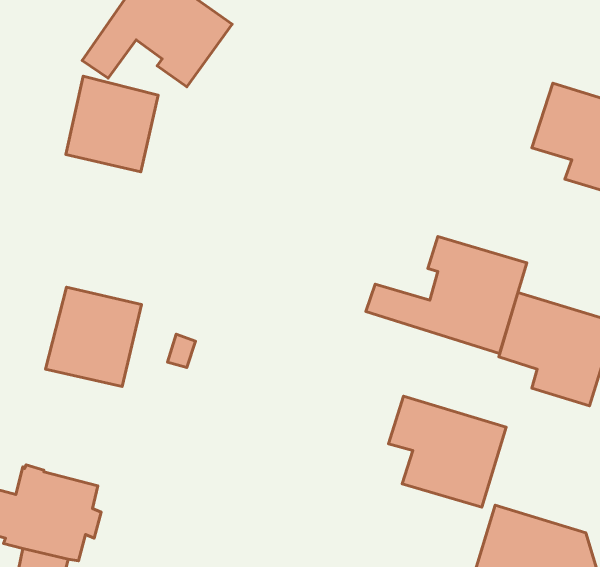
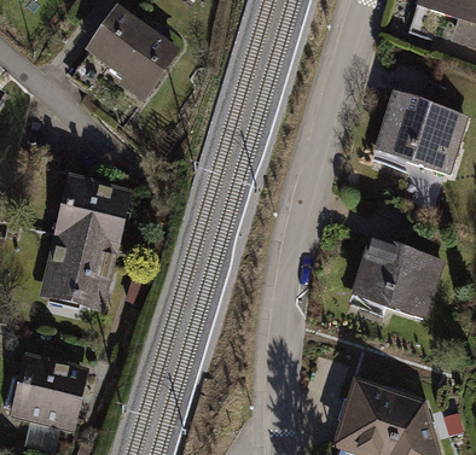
building: [66,76,158,172] -> [59,180,123,246]
building: [366,236,527,354] -> none
building: [389,396,506,507] -> none

